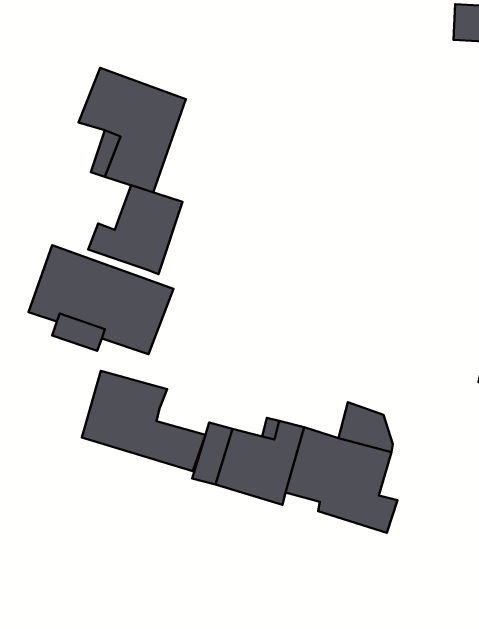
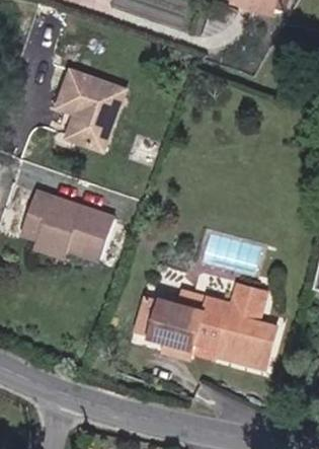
building: [88,185,182,274] -> none
building: [82,371,205,471] -> none

